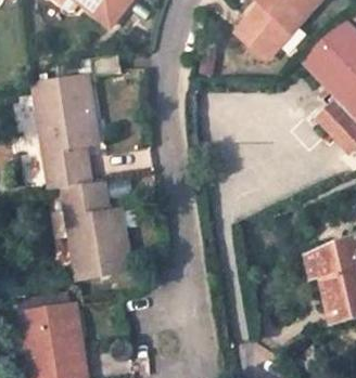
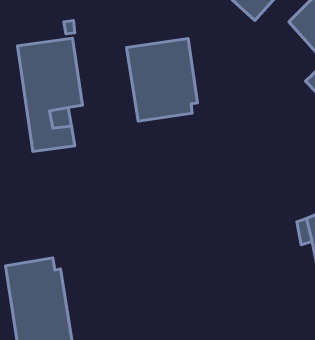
building: none -> [126,38,197,121]
building: [61,181,129,278] -> none

